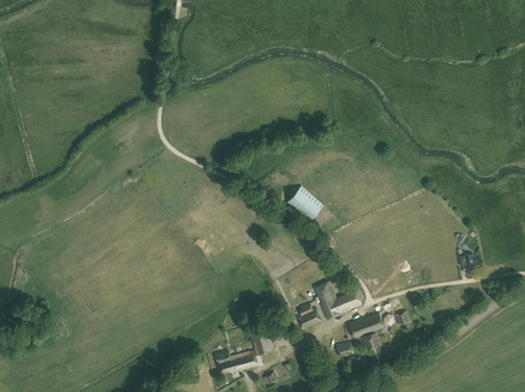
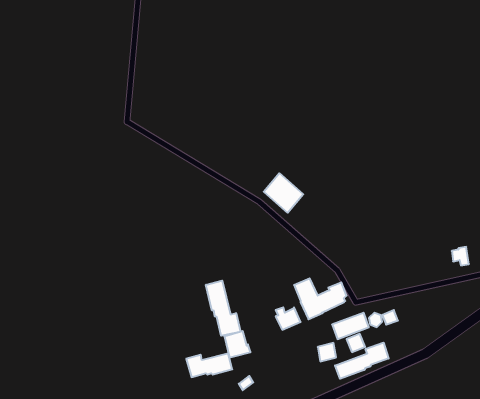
building: none -> [206,281,240,336]
building: none -> [335,343,389,379]

